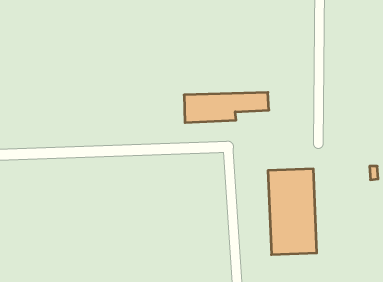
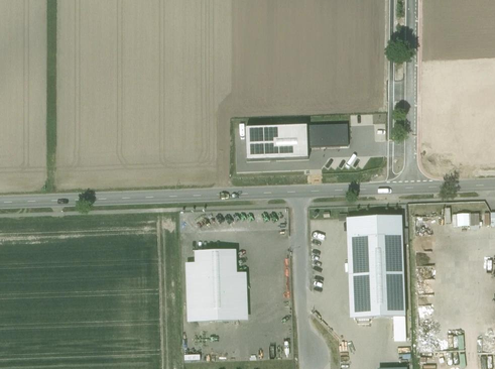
building: none -> [185,249,248,321]

